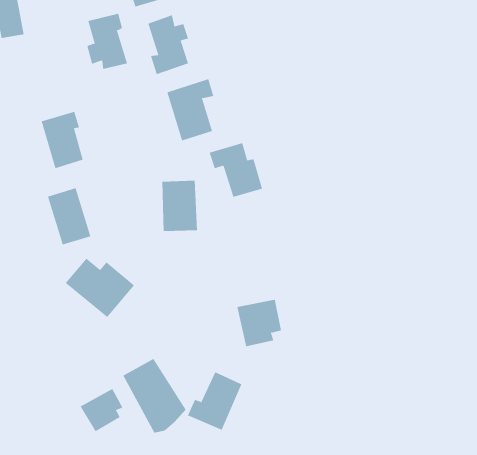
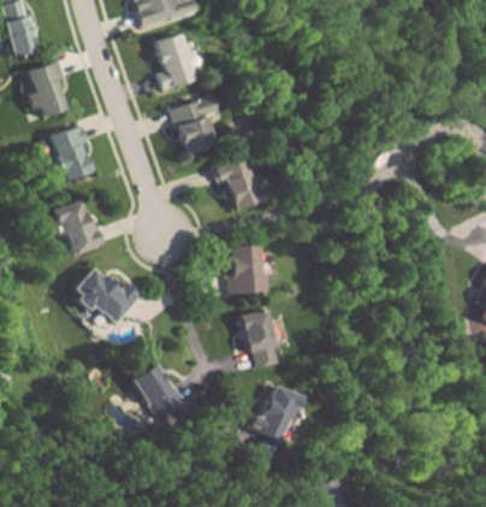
building: [86,13,128,70] -> [29,63,69,117]
building: [162,180,198,232] -> [230,244,265,294]
building: [187,372,242,430] -> [247,385,300,442]
building: [80,388,123,432] -> none

